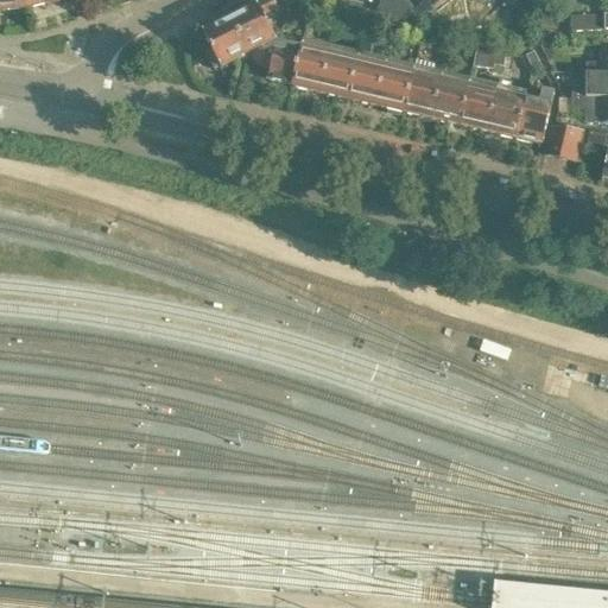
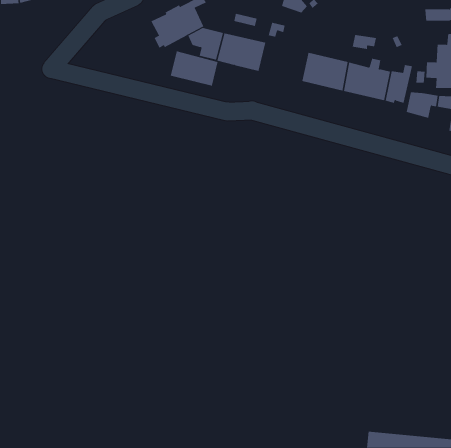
building: [349,57,414,109] -> none
building: none -> [170,50,218,86]

